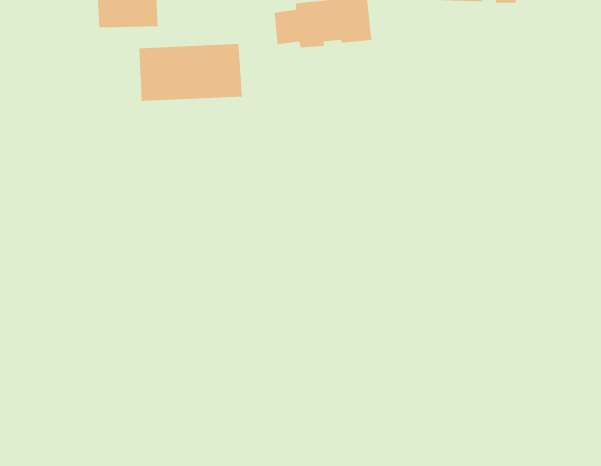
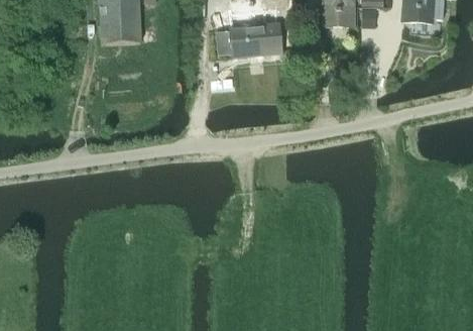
building: [139,43,243,102] -> none

